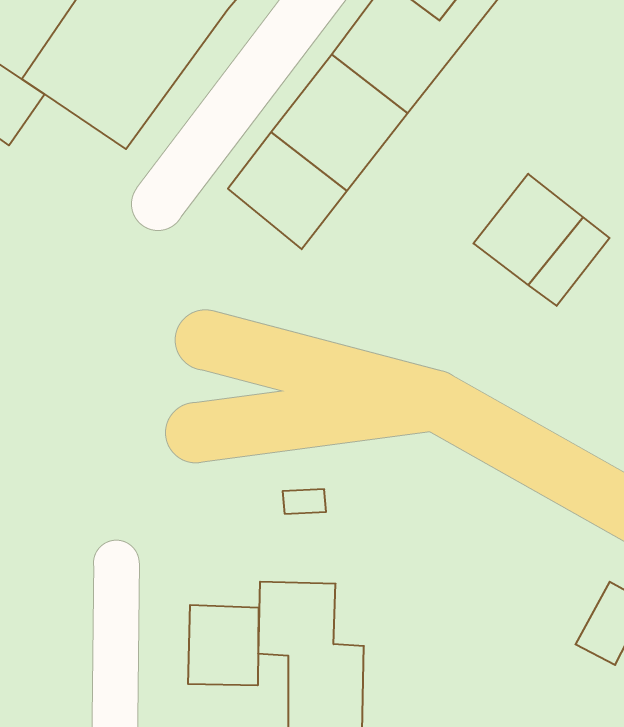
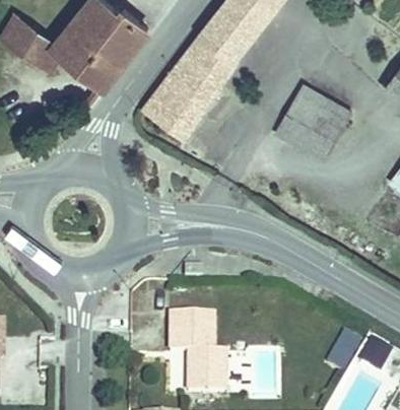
building: [188,605,259,685] -> none

